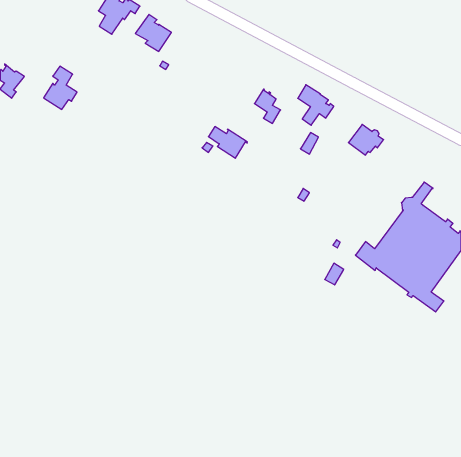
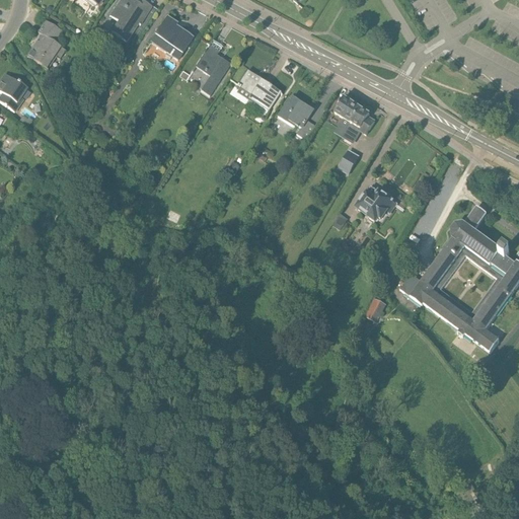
building: none -> [196,39,232,93]
building: [44,66,77,109] -> [27,19,65,68]
building: [348,124,384,155] -> [356,184,395,219]
building: [208,127,247,158] -> [237,74,281,109]

